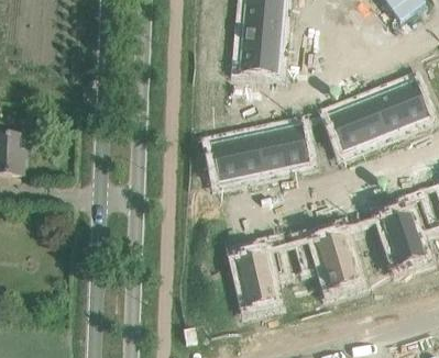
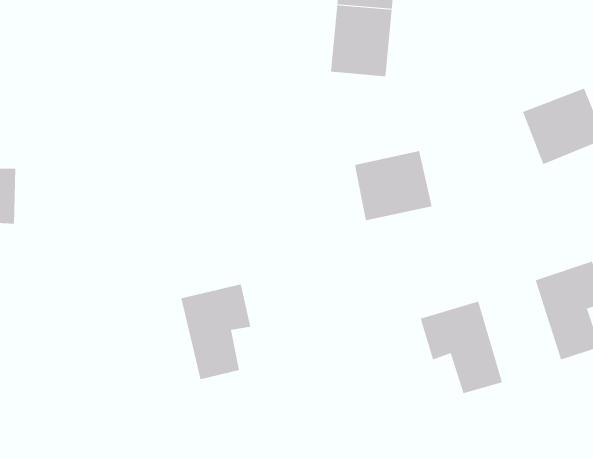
building: [328,98,385,152] -> none
building: [210,134,263,182] -> none
building: [234,243,283,309] -> [181,284,251,380]

